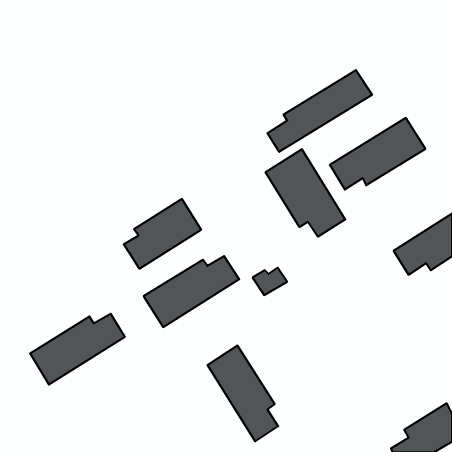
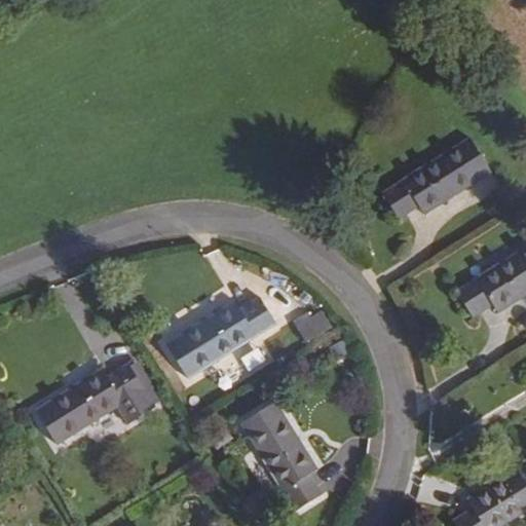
building: [267,70,372,152] -> none
building: [266,149,345,237] -> none
building: [124,199,201,269] -> none

